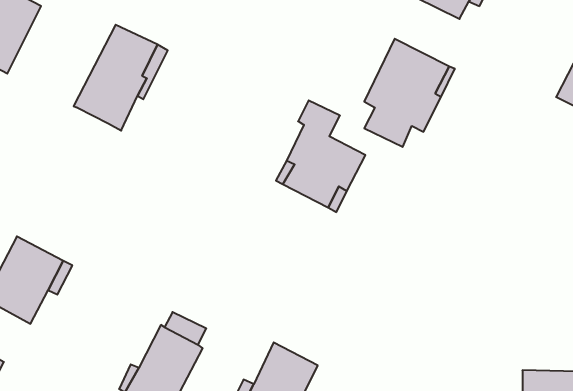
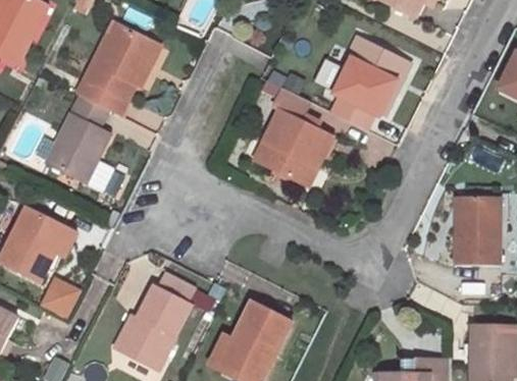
building: none -> [45,95,110,190]
building: none -> [455,197,500,265]
building: none -> [41,274,83,317]

